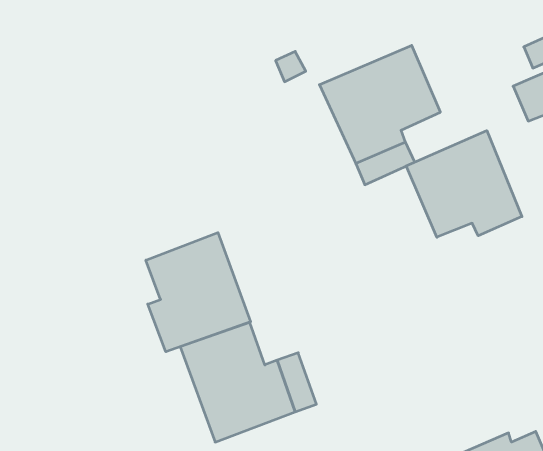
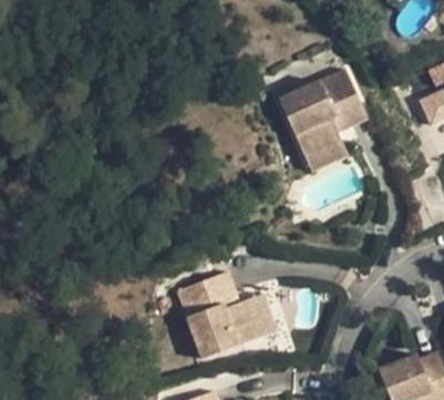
building: [406,131,522,237] -> none
building: [146,233,251,352] -> none

